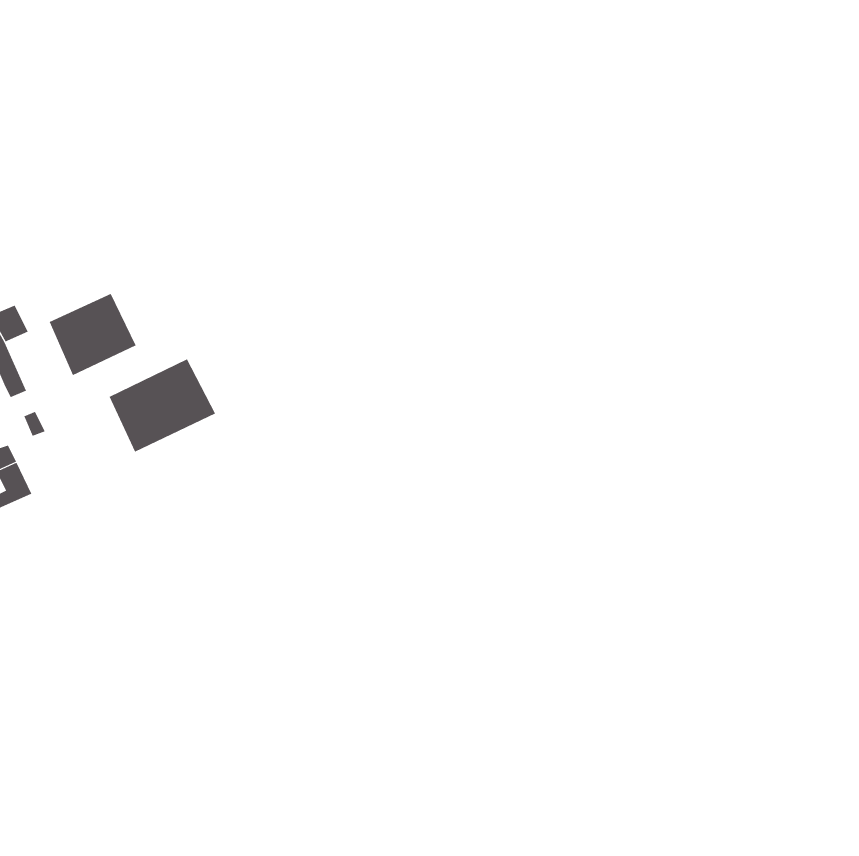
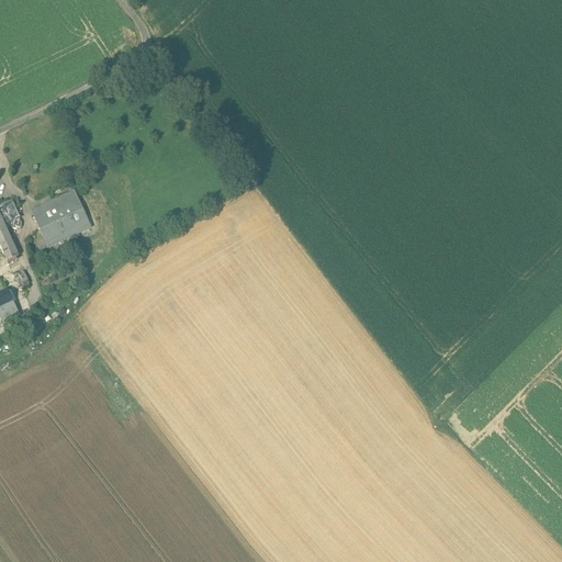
building: [109,358,216,452] -> none

